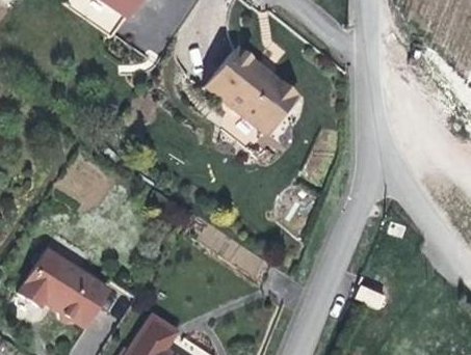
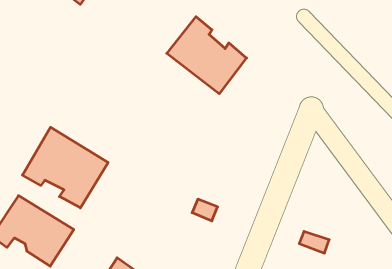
building: none -> [22,127,108,208]

